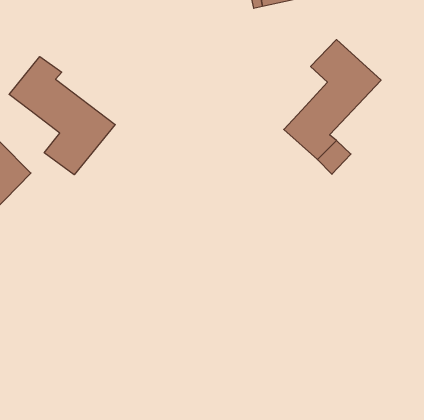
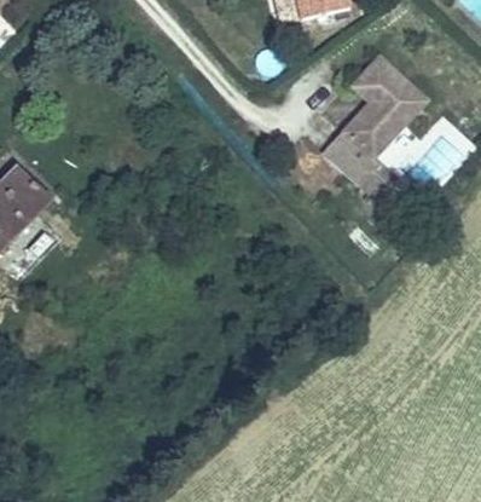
building: [9,57,115,175] -> none

